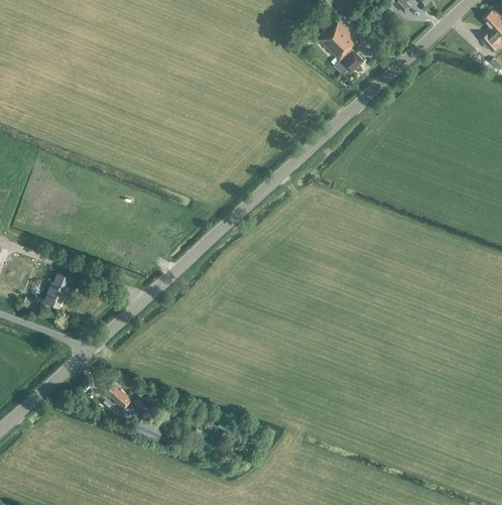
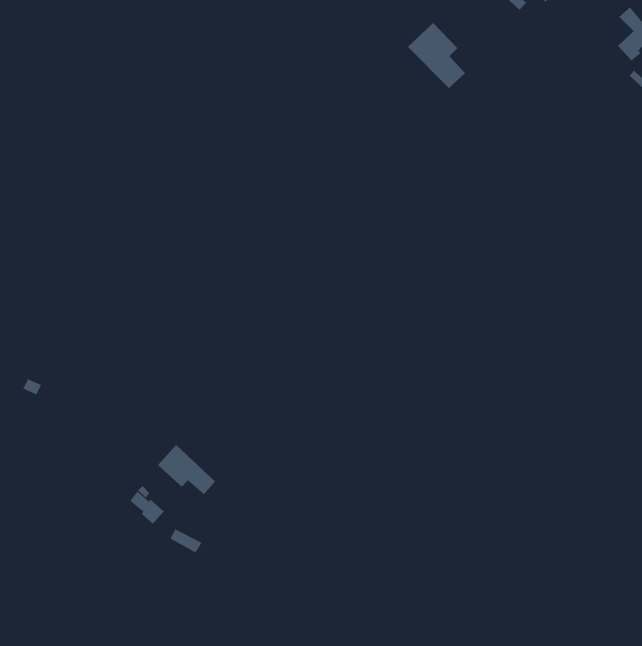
building: [43,272,72,306] -> none
building: none -> [157,444,216,495]

